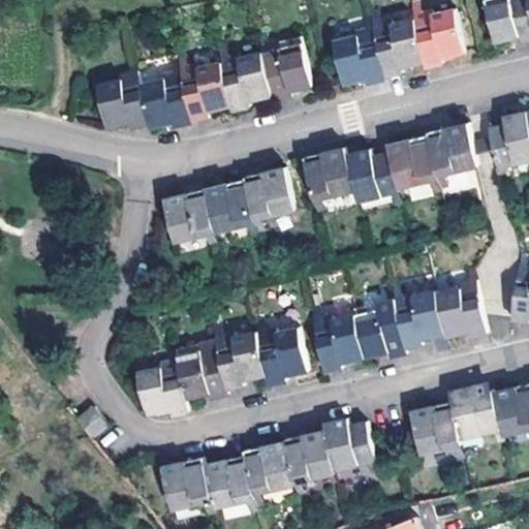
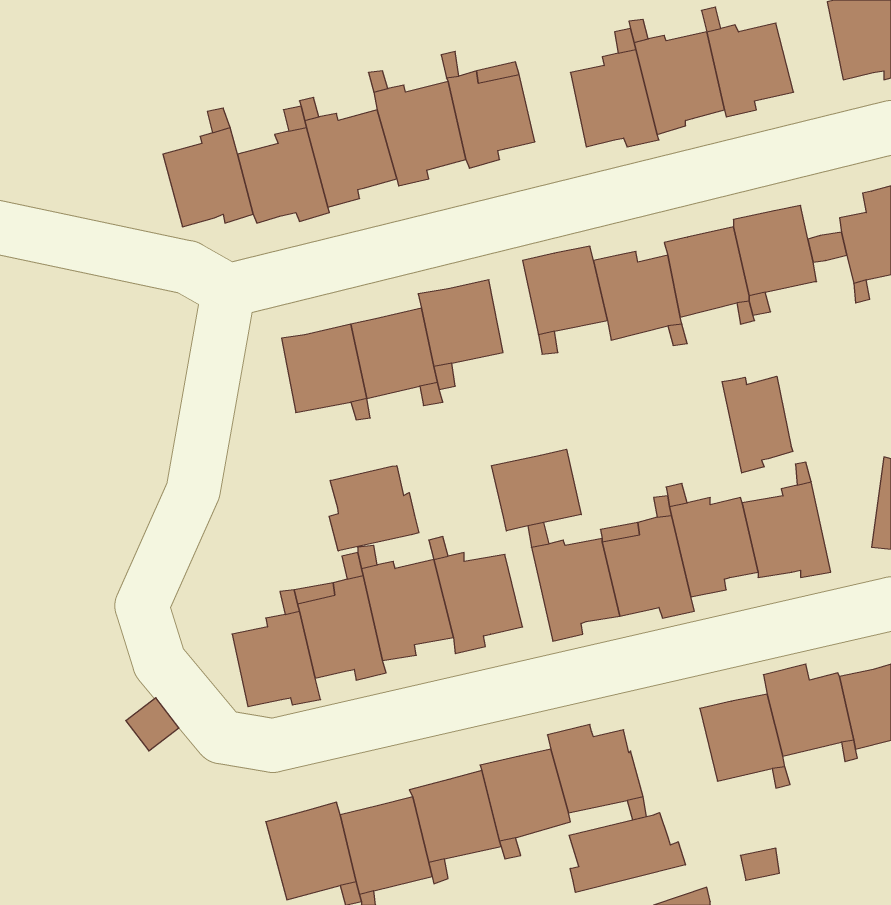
building: none -> [722,376,793,473]
building: none -> [492,449,581,531]
building: none -> [329,466,419,551]
building: none -> [569,813,685,892]

